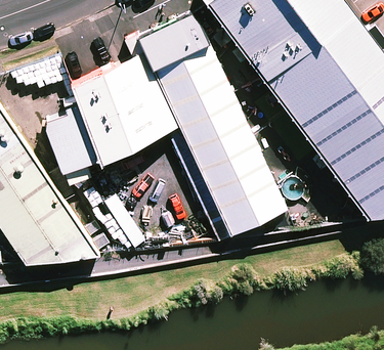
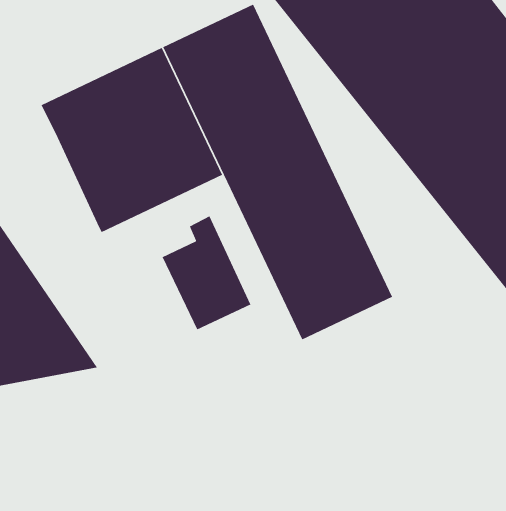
building: [42,101,99,175] -> [162,215,251,331]

